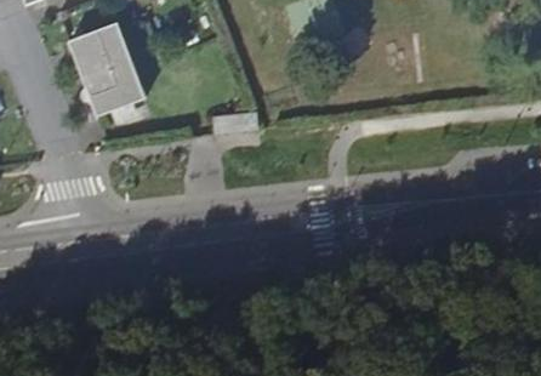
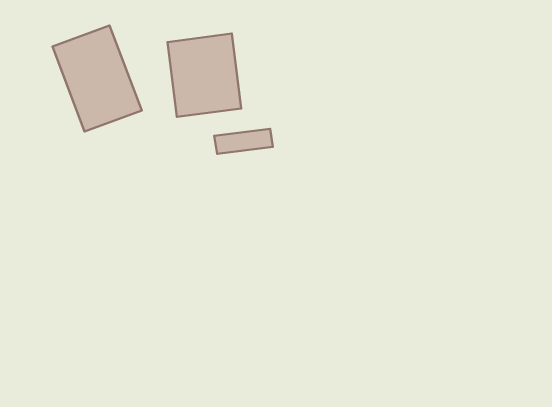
building: none -> [167,34,241,117]

